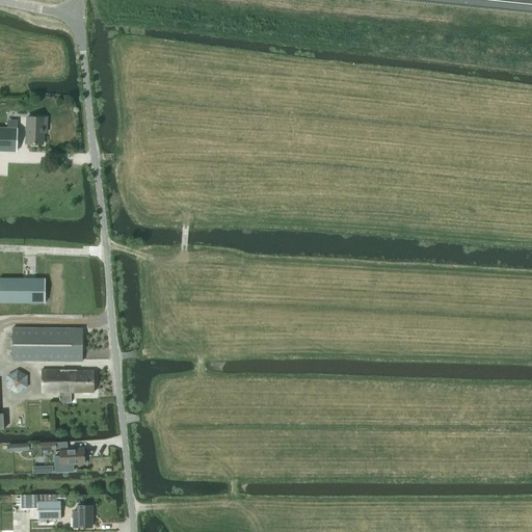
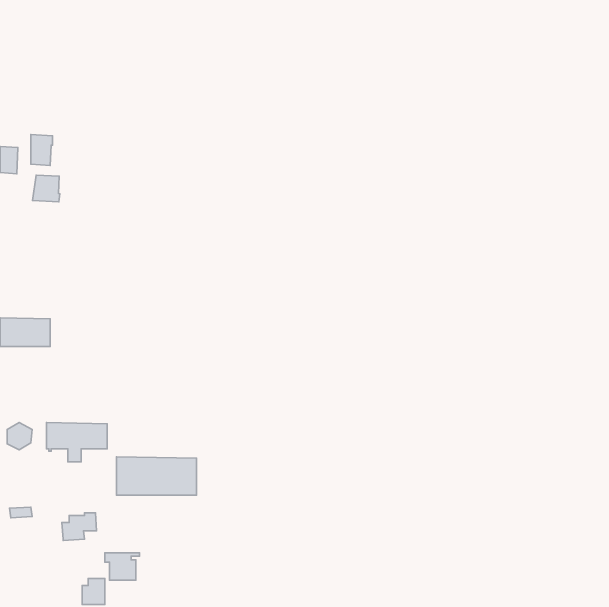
building: none -> [33,175,60,202]
building: [12,327,82,361] -> [117,457,196,495]
building: [33,495,63,518] -> [105,553,139,580]

